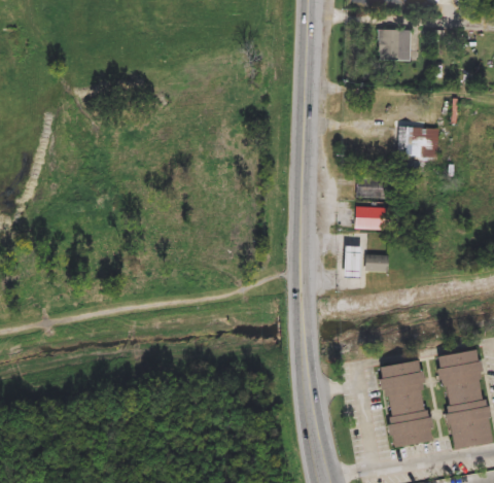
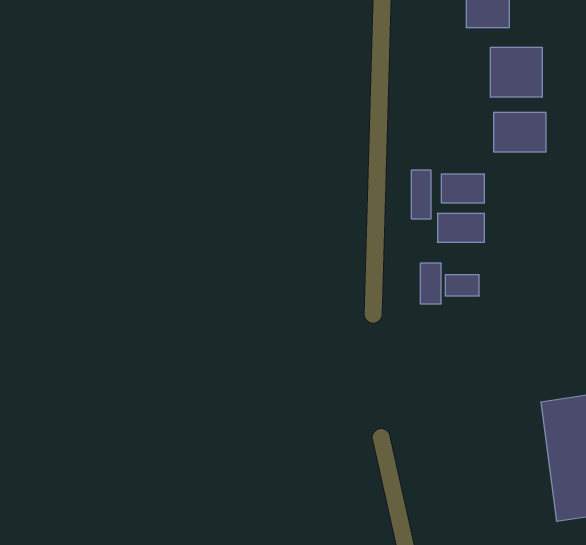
building: none -> [491,47,542,97]
building: none -> [412,170,431,219]
building: [379,358,432,447] -> none

